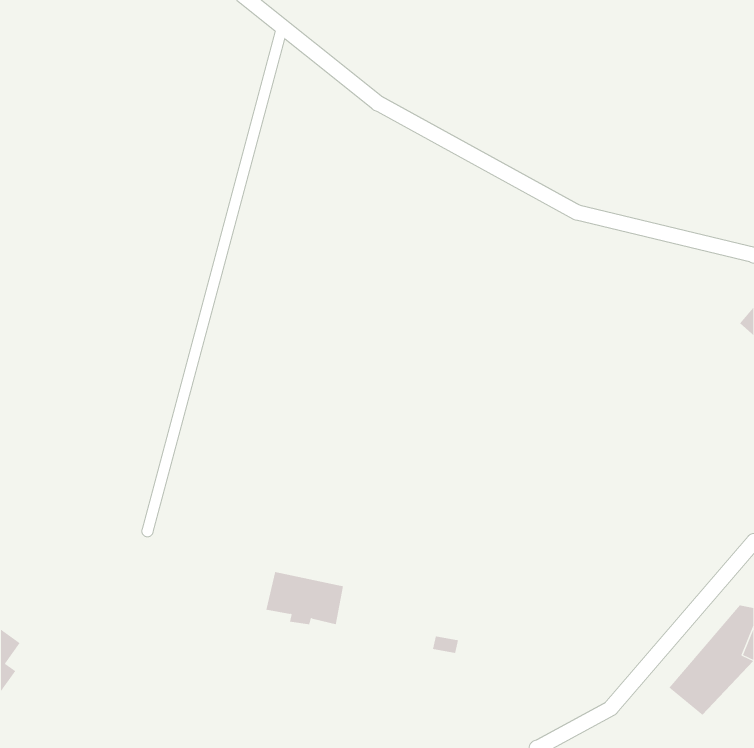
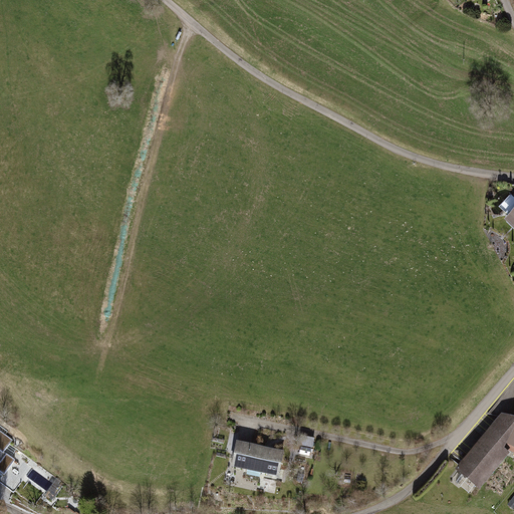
building: [266,572,344,625] -> [230,438,283,474]

